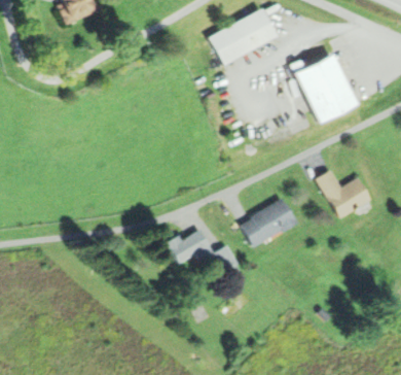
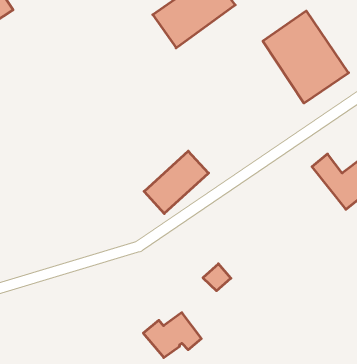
building: [241,200,295,247] -> [144,151,209,214]
building: [166,230,212,264] -> [143,313,201,358]

